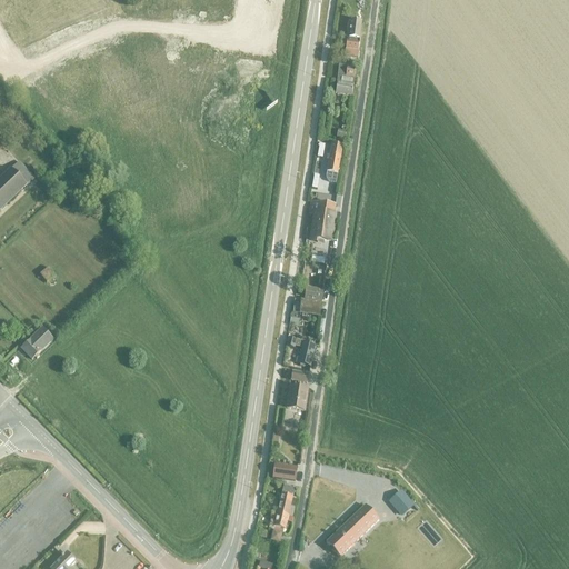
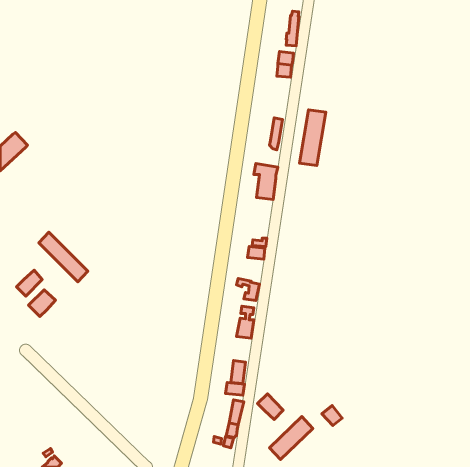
building: none -> [300,110,326,165]
building: none -> [39,232,88,282]
building: none -> [29,290,55,317]
building: none -> [258,394,283,420]

